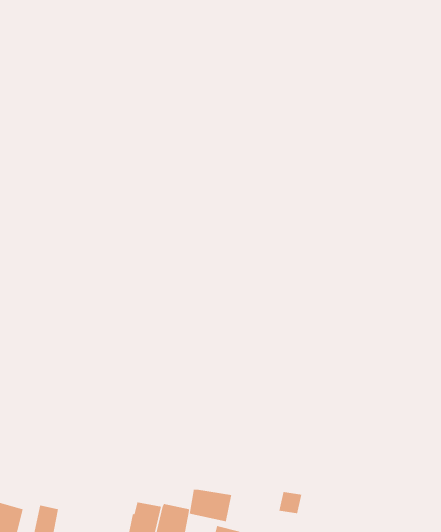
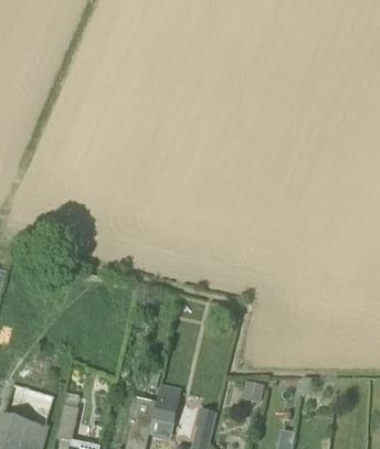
building: [189,489,232,522] -> none

